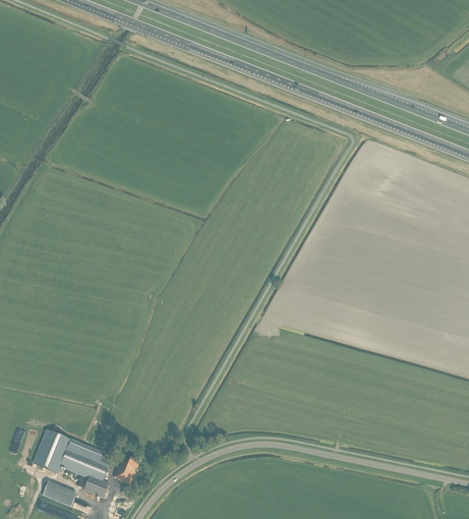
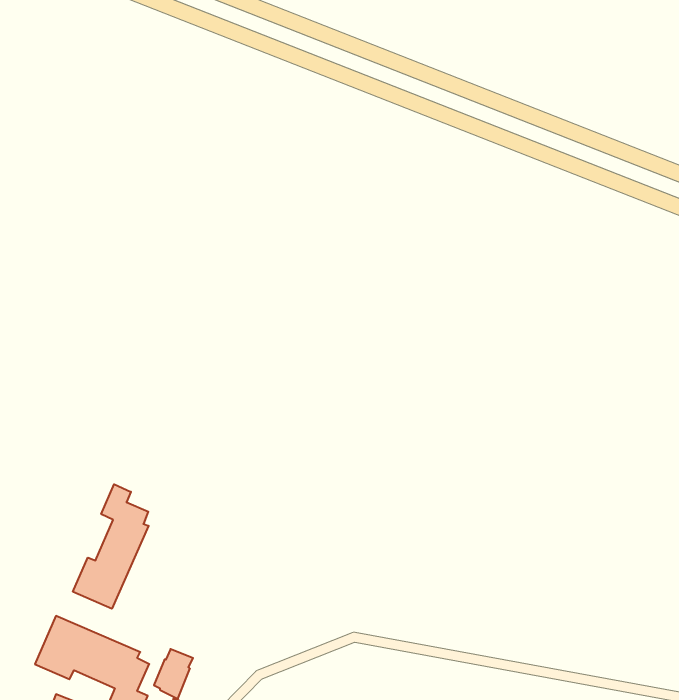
building: none -> [73,484,149,609]

